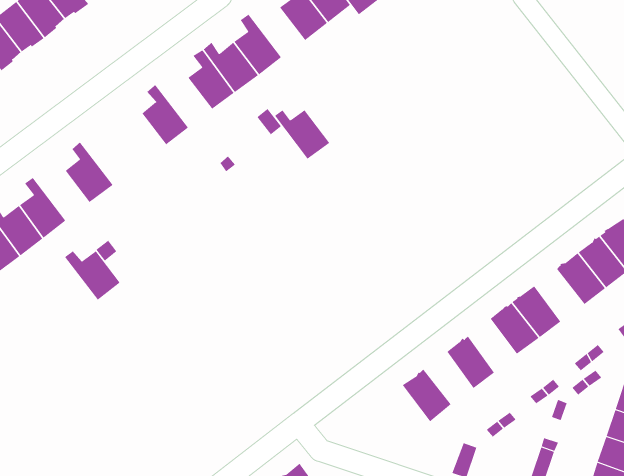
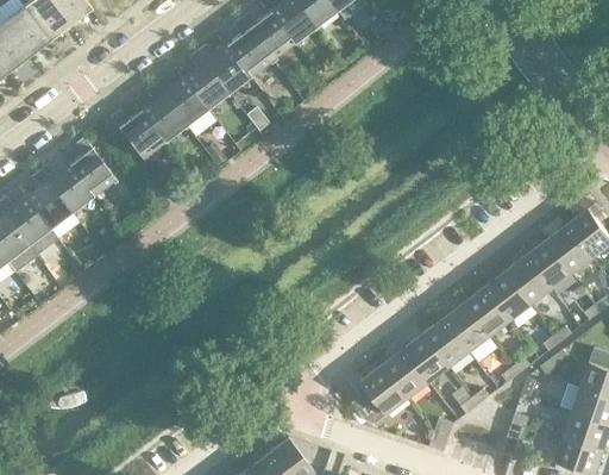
building: none -> [153,77,206,124]
building: [274,110,330,159] -> [240,12,293,58]
building: none -> [111,110,163,157]
building: [64,251,120,300] -> [39,164,92,211]
building: none -> [507,256,553,305]
building: none -> [445,302,490,352]
building: none -> [403,333,450,382]
building: none -> [353,364,409,424]

